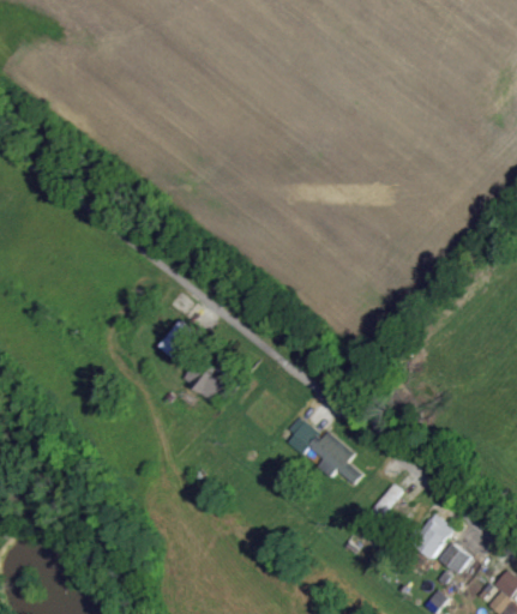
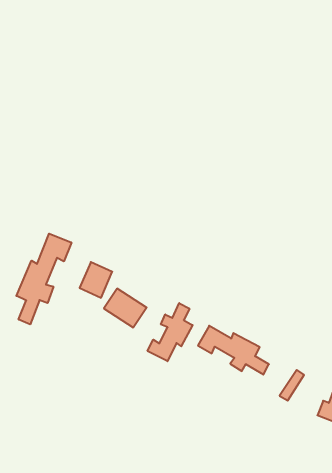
building: none -> [16,234,71,324]
building: none -> [148,303,193,361]

